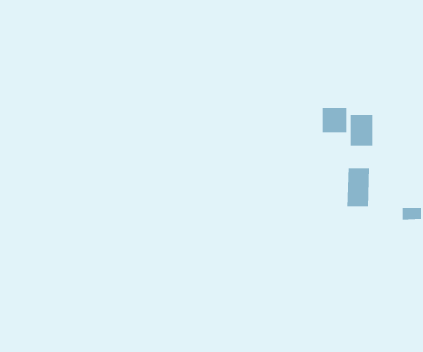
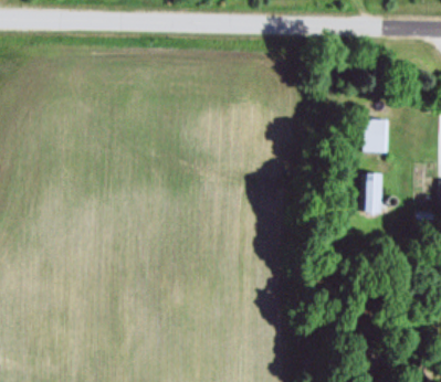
building: [322,107,347,133] -> none

